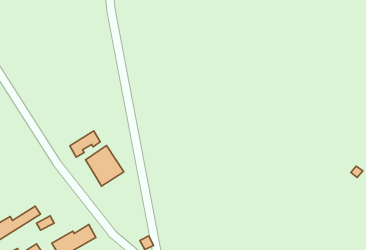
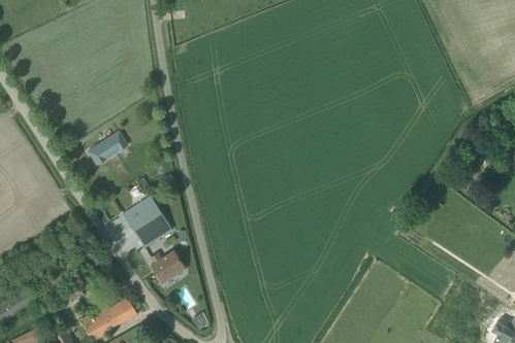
building: [70,131,100,157] -> [88,131,127,165]
building: none -> [150,251,185,283]

